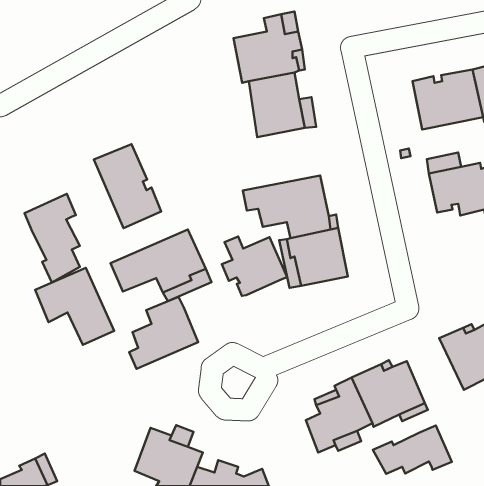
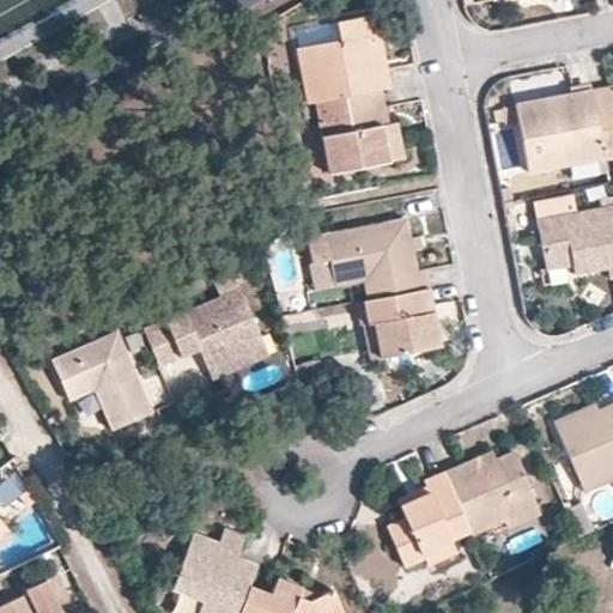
building: [94,144,161,228] -> none
building: [24,194,80,283] -> none
building: [222,236,287,296] -> none
building: [129,297,198,369] -> none
building: [373,426,452,474] -> none

